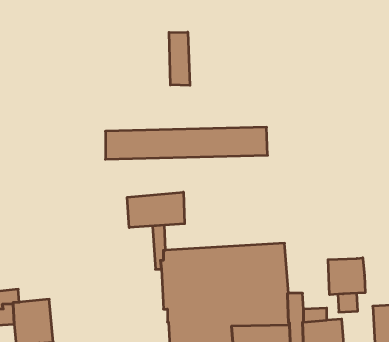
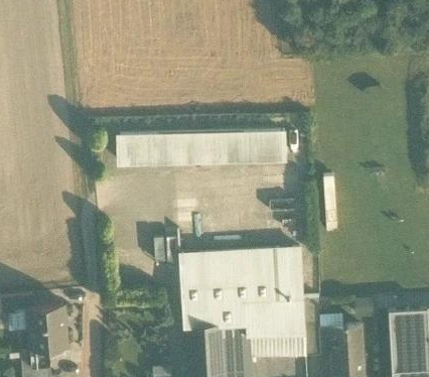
building: [169,32,190,85] -> none
building: [127,192,185,228] -> none
building: [328,258,365,295] -> none

